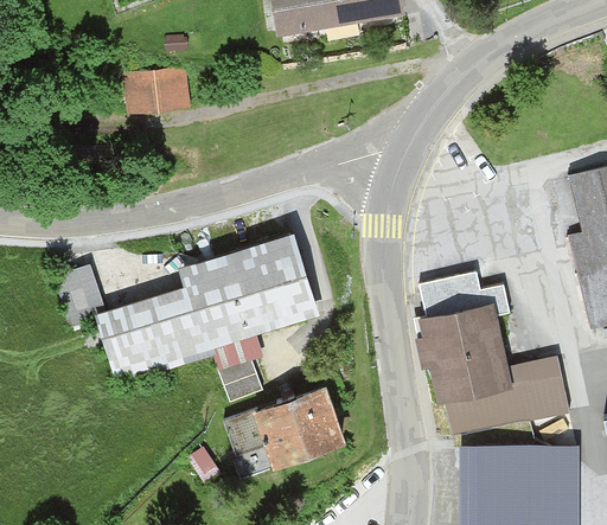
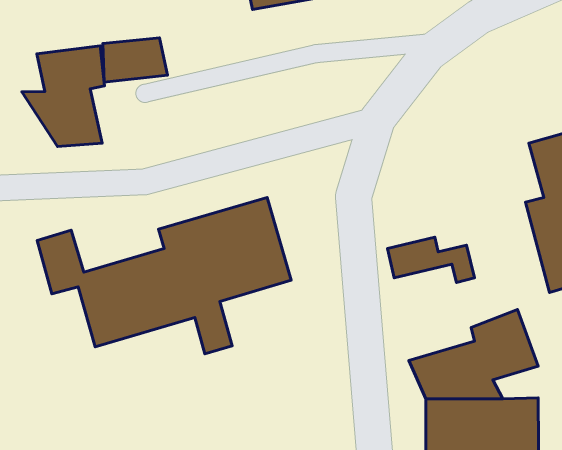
building: none -> [22,46,105,147]
building: [418,303,511,404] -> none
building: [222,386,349,467] -> none

